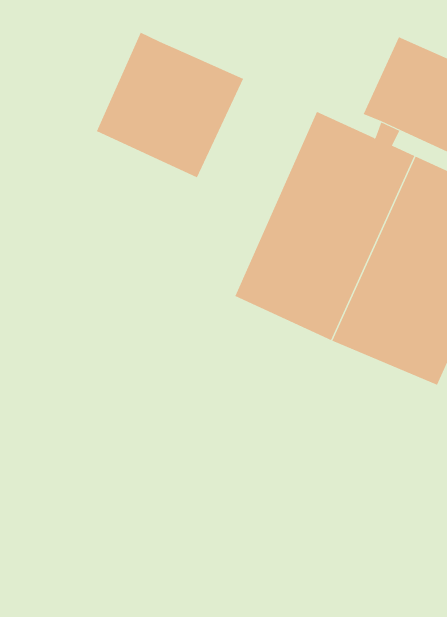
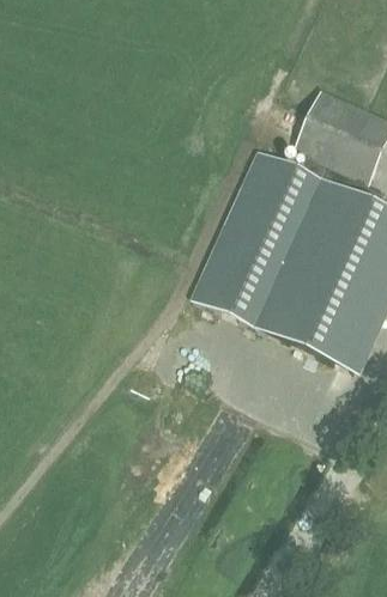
building: [96,32,244,178] -> none

